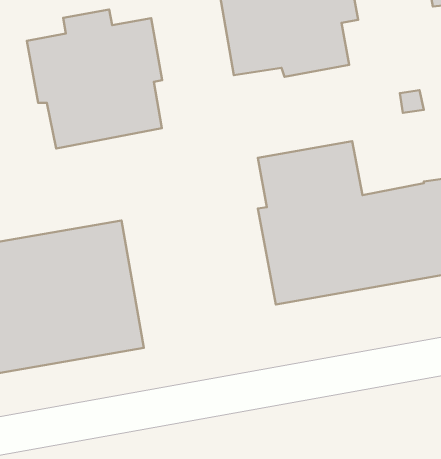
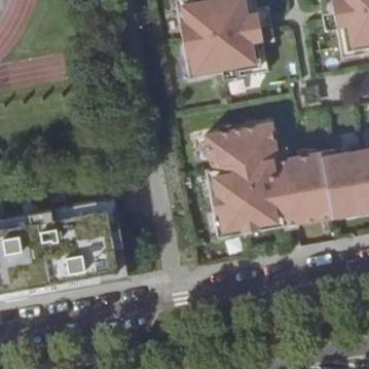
building: [27,9,162,148] -> none

